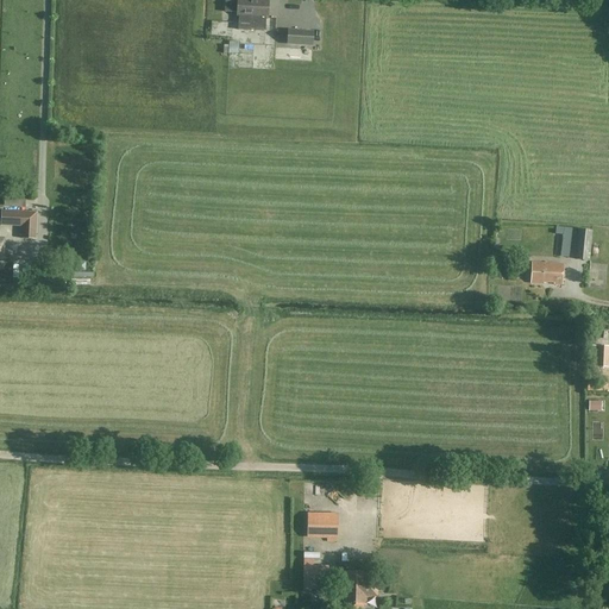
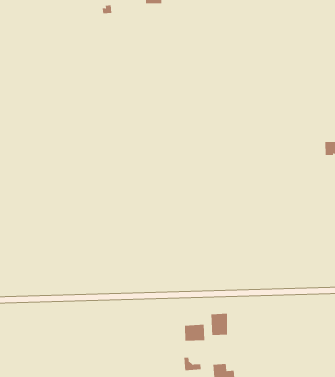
building: none -> [211,313,228,336]

